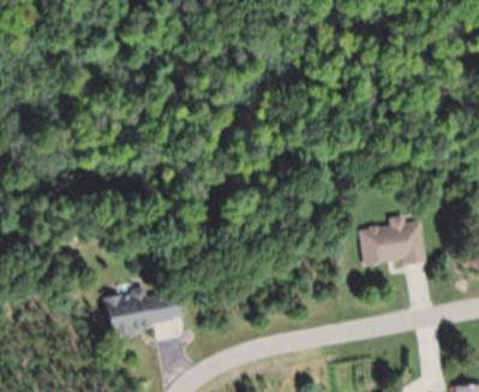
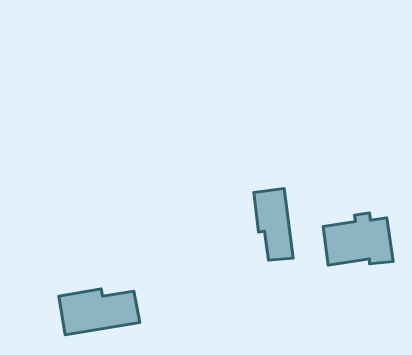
building: none -> [254,188,293,260]

